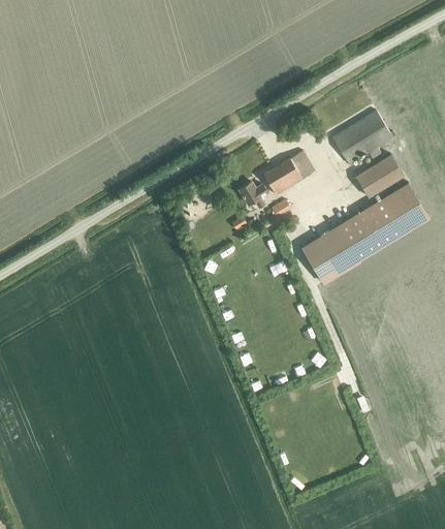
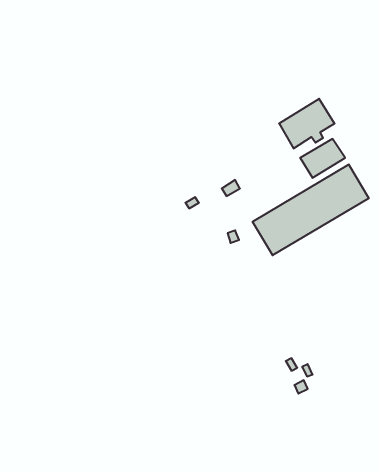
building: [261,151,314,195] -> none
building: [237,183,266,209] -> none

